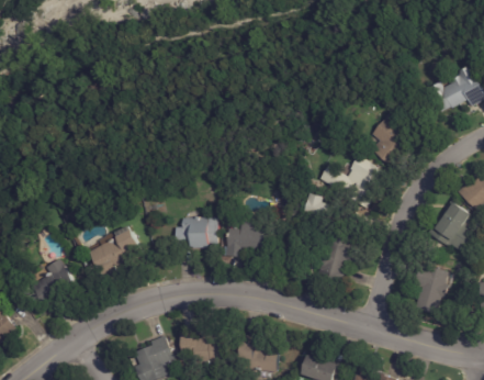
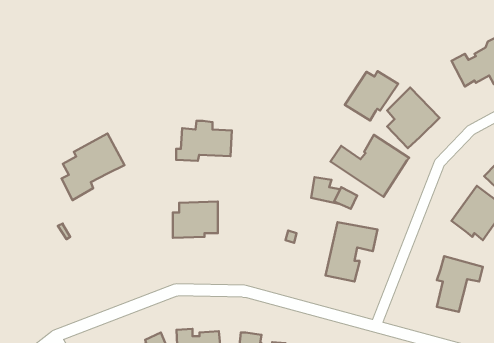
building: none -> [345,71,398,120]
building: [220,220,270,256] -> [176,121,232,161]
building: [87,222,144,282] -> [62,134,125,200]
building: [31,257,76,311] -> none

